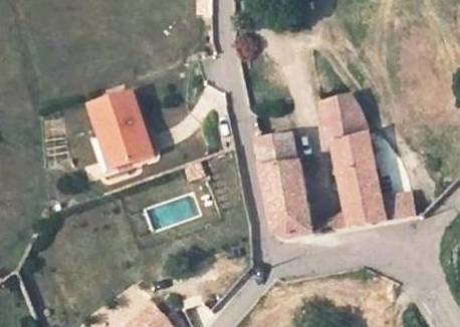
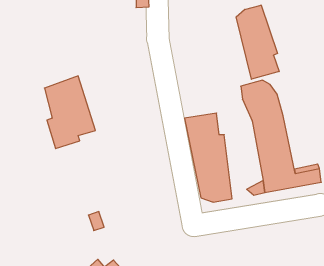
building: none -> [236,5,279,79]

